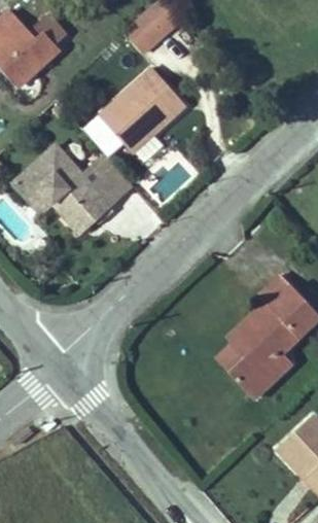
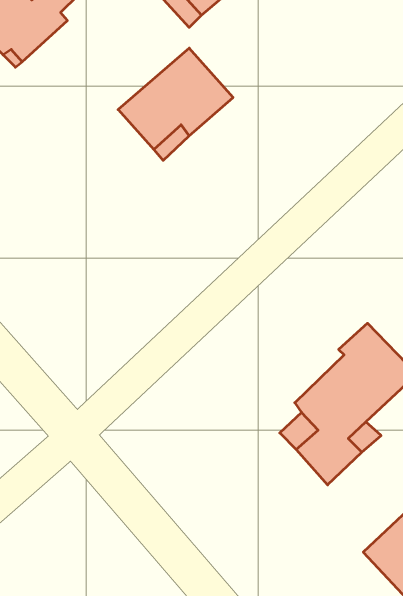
building: [10,138,136,235] -> none

